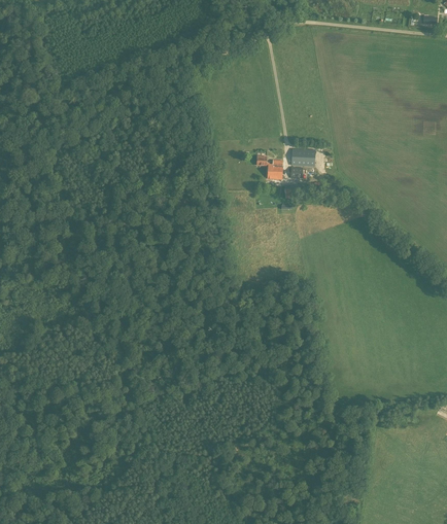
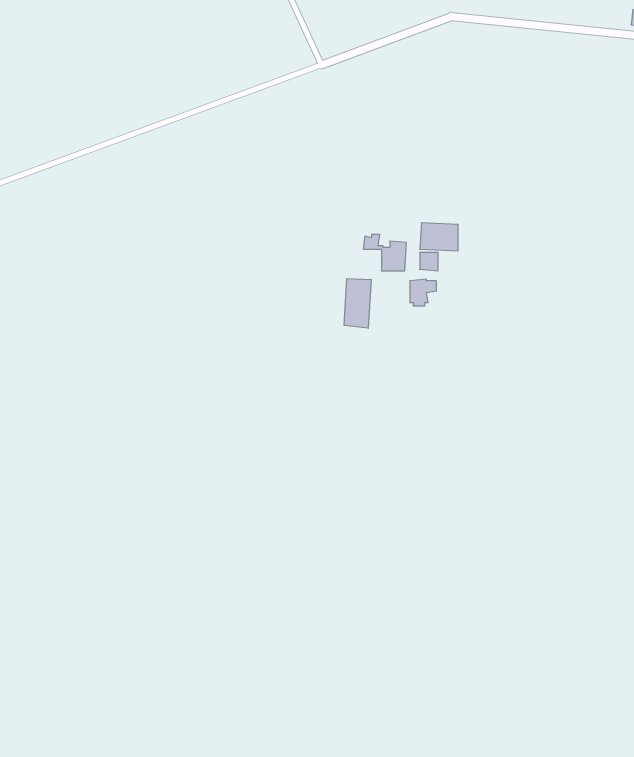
building: none -> [344,279,371,328]

